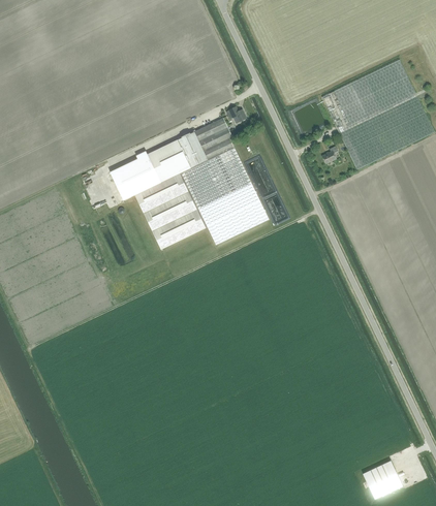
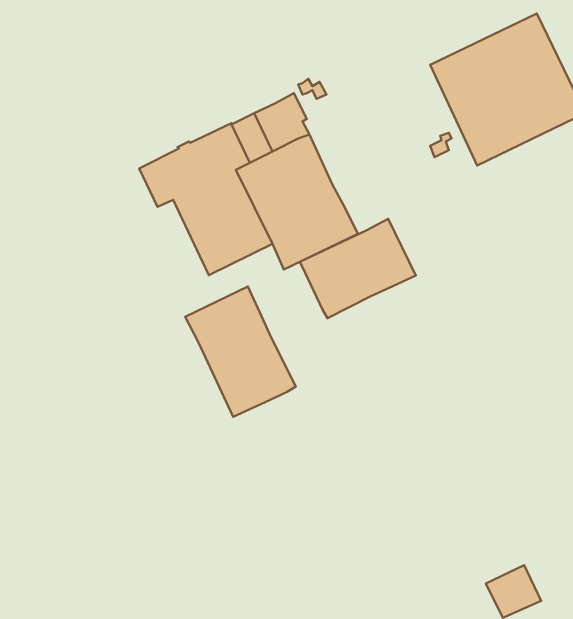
building: none -> [300,219,416,318]
building: none -> [185,286,296,417]

